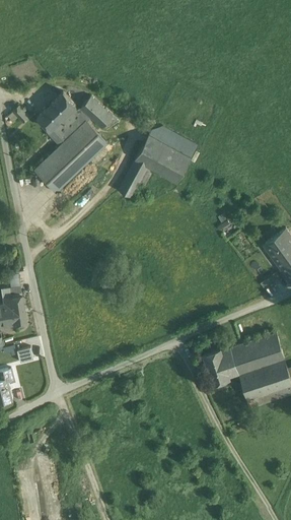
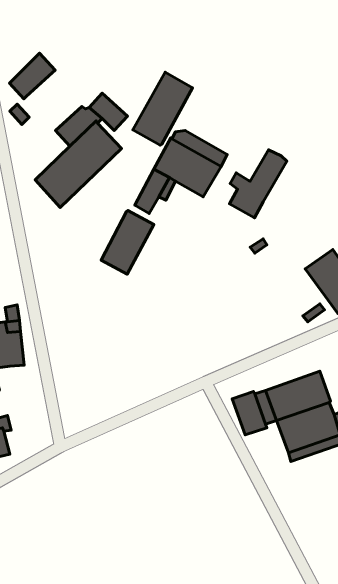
building: none -> [133,72,192,145]
building: [37,92,75,131] -> [9,53,55,99]
building: none -> [229,150,287,218]
building: none -> [101,210,154,274]

